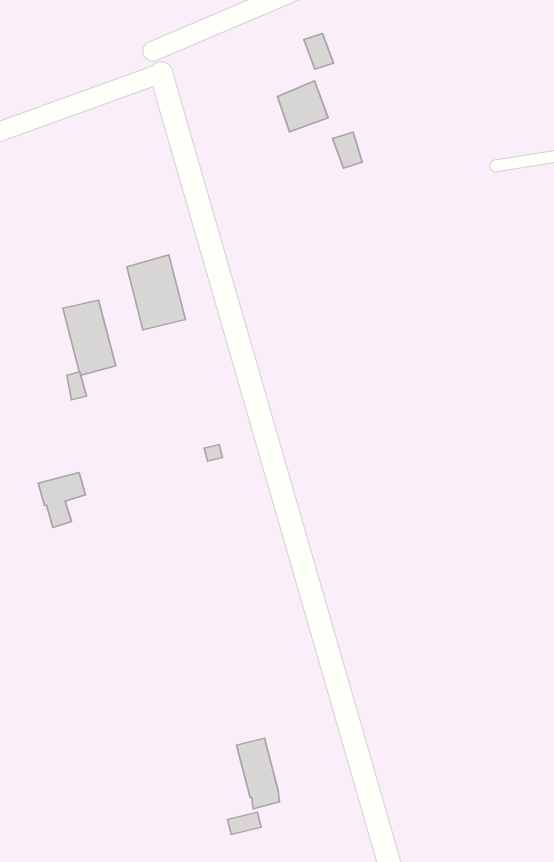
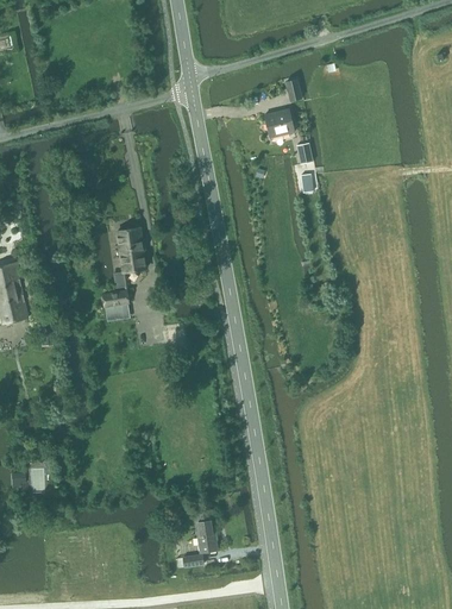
building: [127,255,185,330] -> none
building: [38,473,86,528] -> [100,290,128,322]

